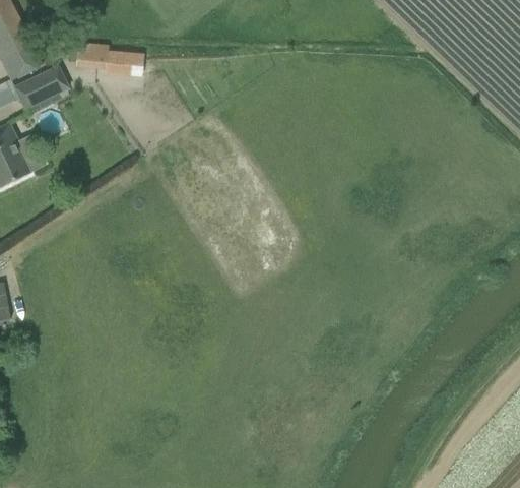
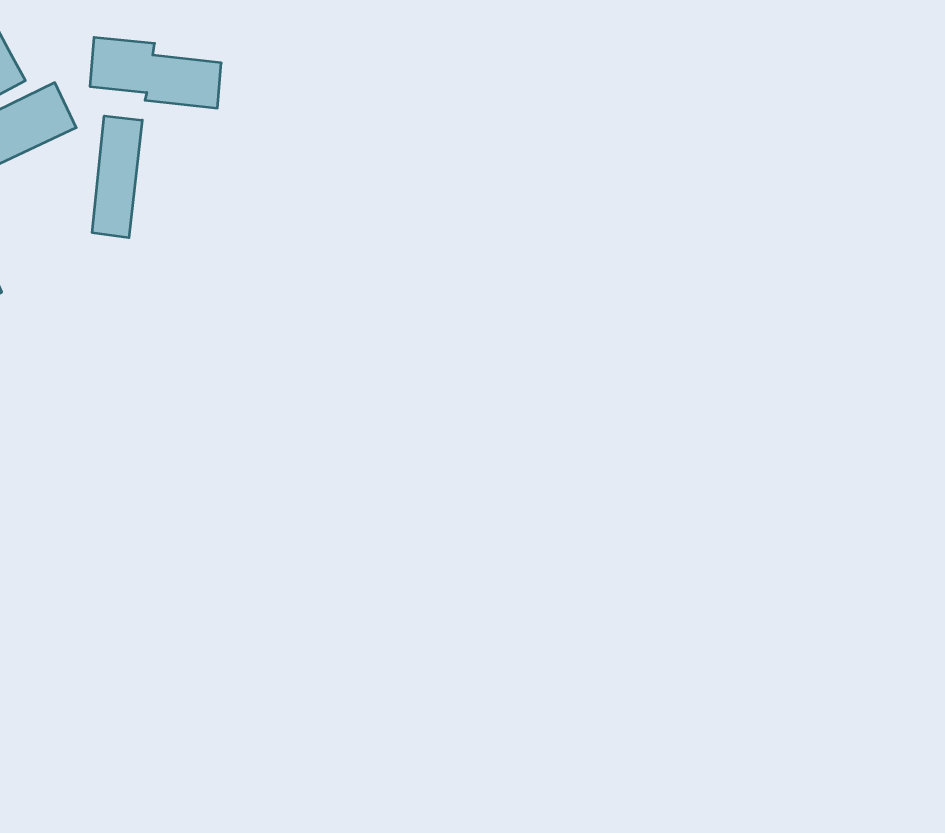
building: none -> [92,116,142,238]

